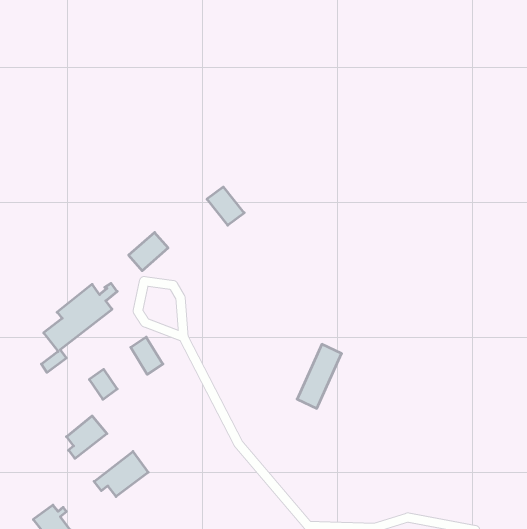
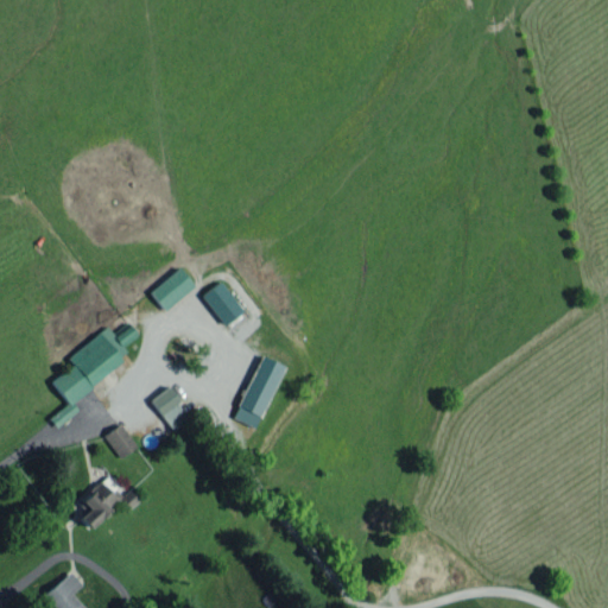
building: [207,187,244,225] -> [202,281,245,325]
building: [297,344,342,408] -> [234,355,285,429]
building: [94,451,148,497] -> none

